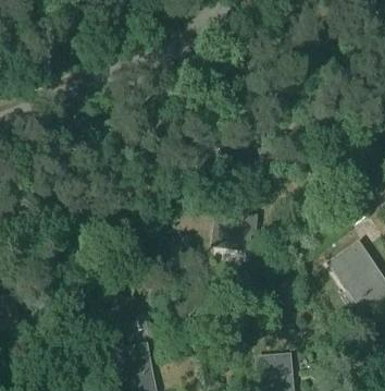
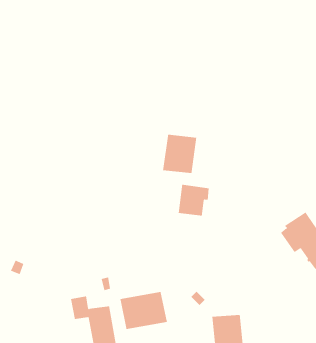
building: none -> [163,134,197,174]
building: none -> [120,291,167,330]

